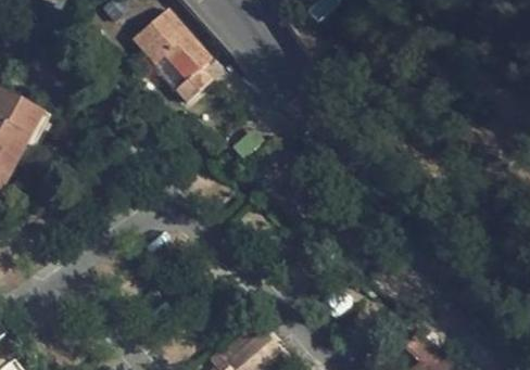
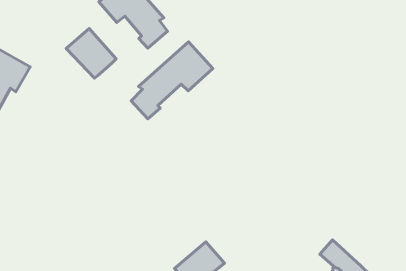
building: none -> [66,28,116,78]
building: none -> [131,42,213,119]

